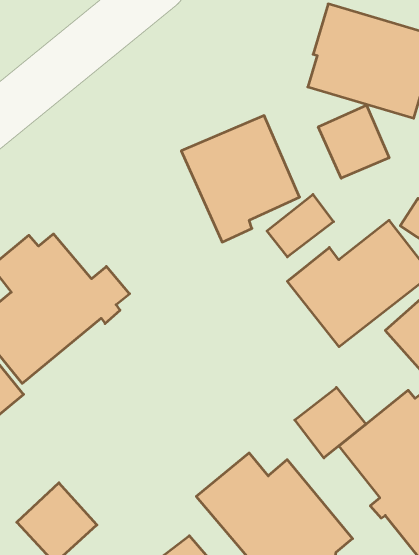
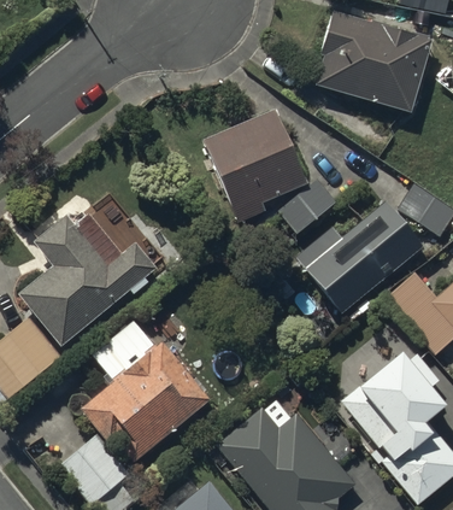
building: [318,105,389,178] -> none
building: none -> [80,321,208,462]
building: [295,387,366,458] -> none

